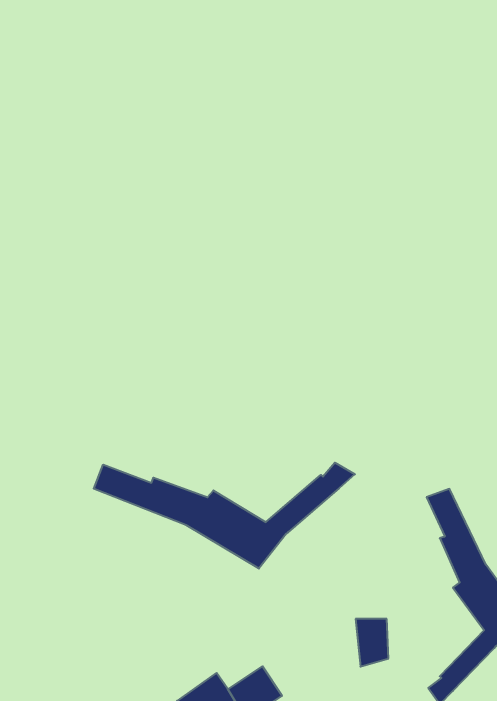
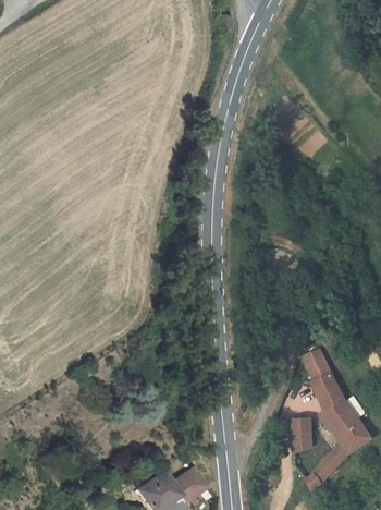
building: [94,463,355,569] -> none
building: [356,619,388,667] -> [291,422,312,453]

